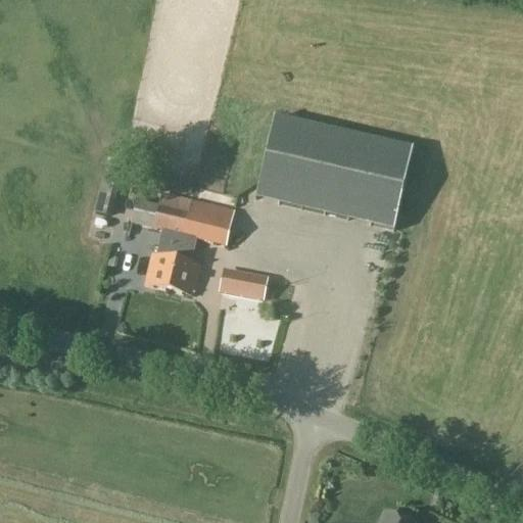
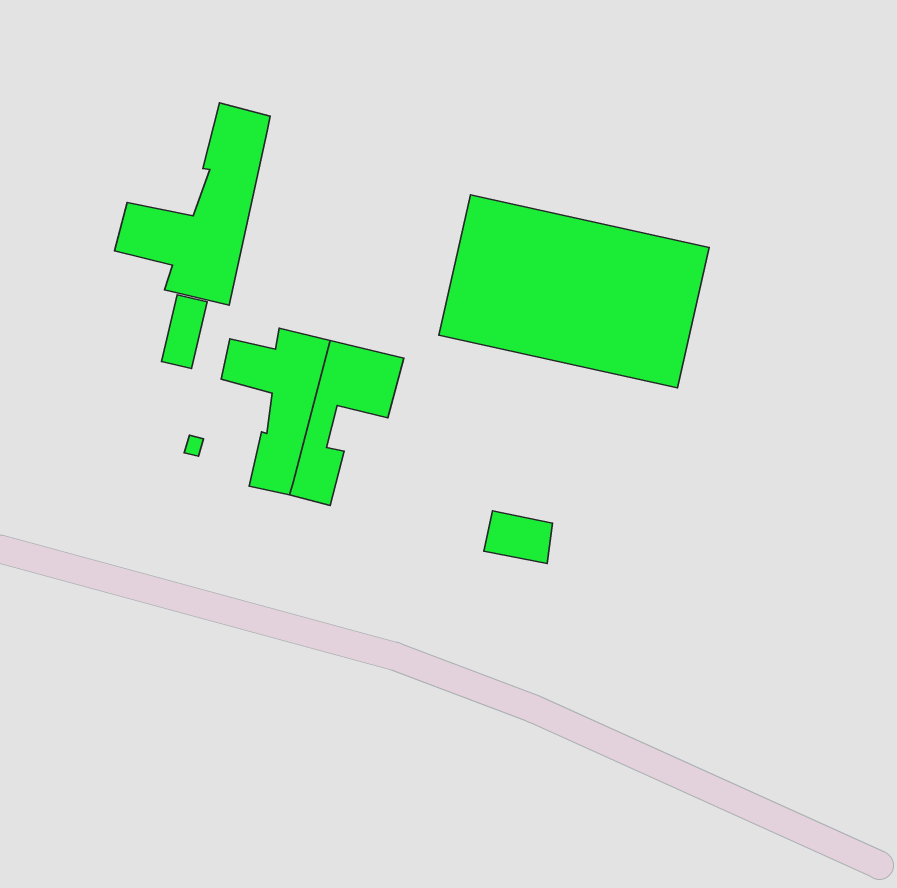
building: none -> [115,103,270,305]
building: [229,269,269,299] -> [484,511,552,563]

